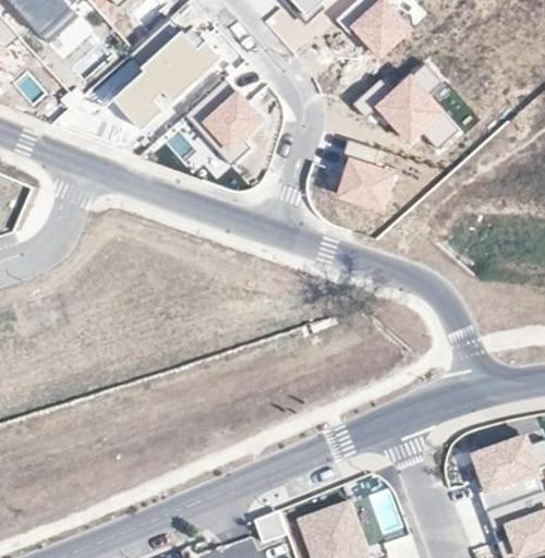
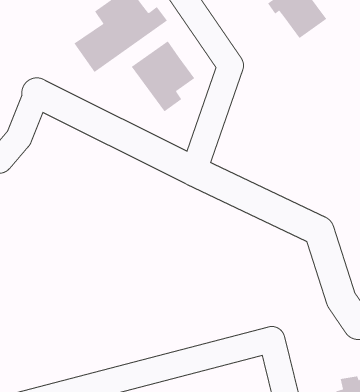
building: [354,64,459,148] -> none
building: [336,141,397,211] -> none

